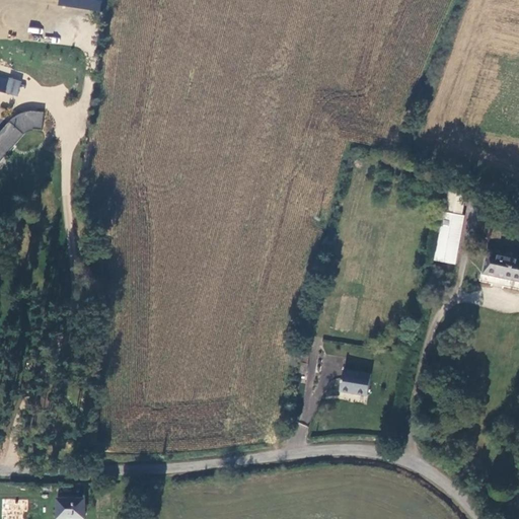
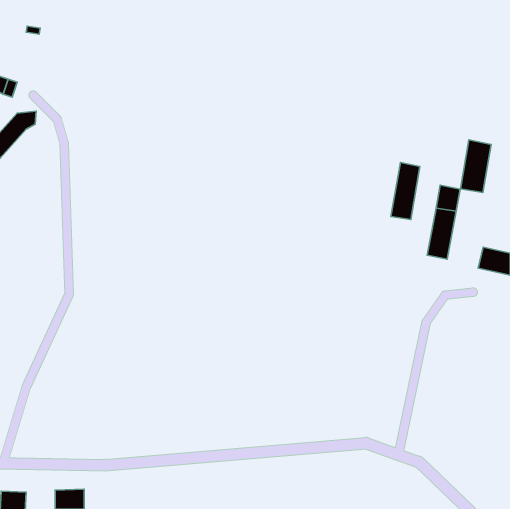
building: none -> [460,140,491,193]
building: none -> [391,162,420,220]
building: [342,370,371,395] -> none

